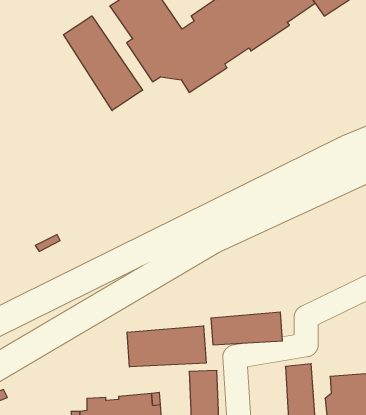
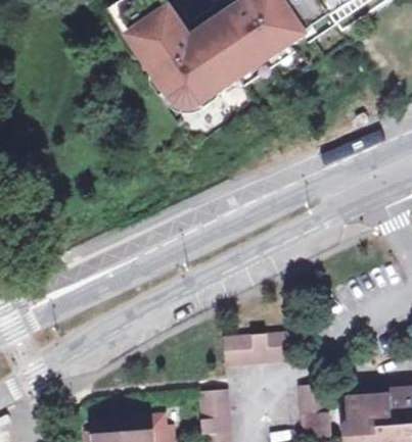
building: [63,16,143,111] -> none
building: [127,326,206,367] -> none

